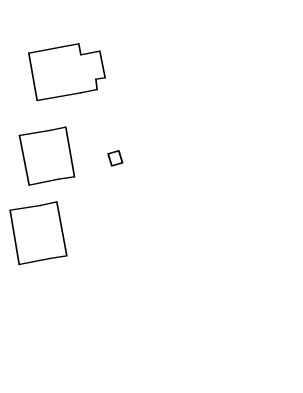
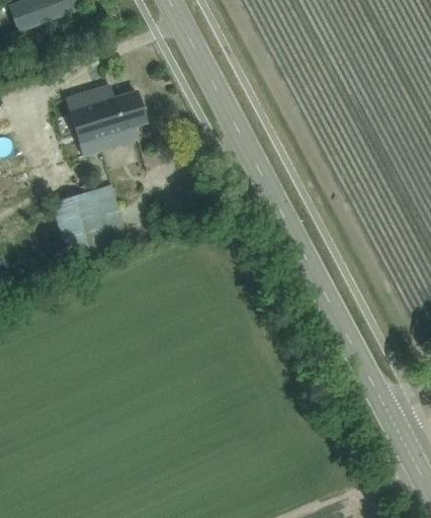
building: [10,202,67,264] -> none

